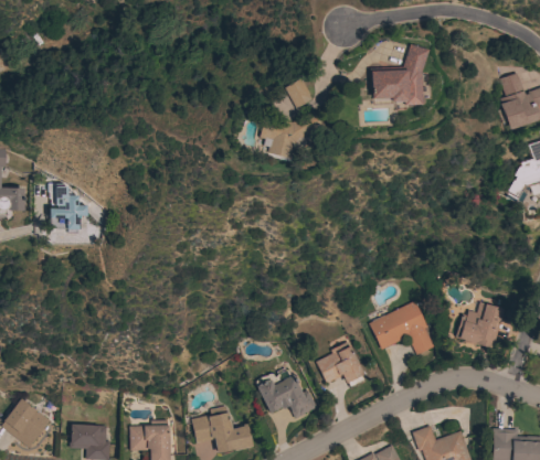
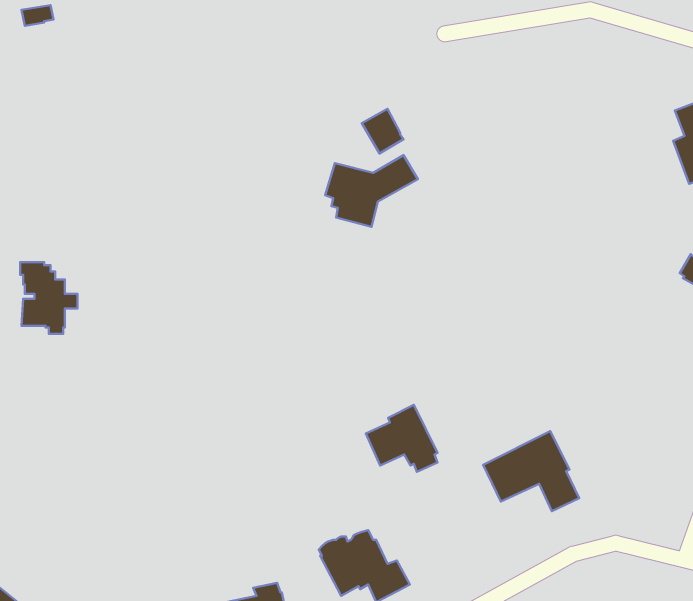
building: [370,44,428,106] -> none
building: [455,302,504,349] -> none
building: [316,342,366,388] -> [366,405,438,472]

